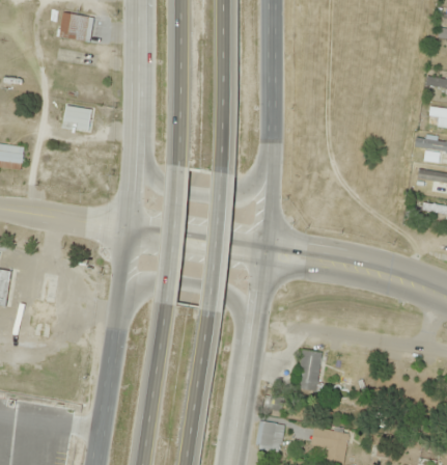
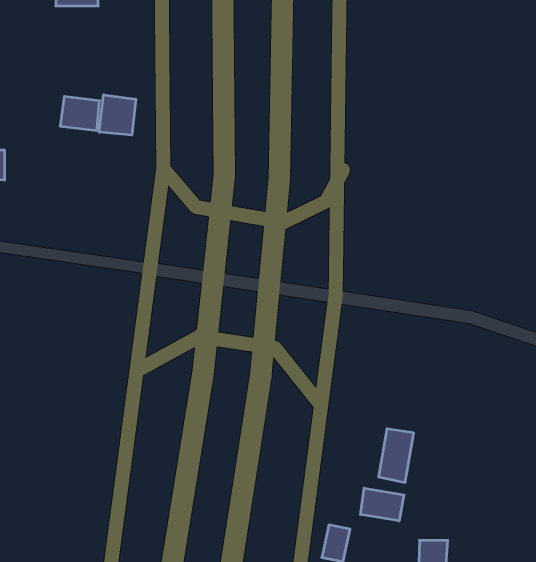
building: none -> [99,95,136,135]
building: none -> [360,488,404,521]

